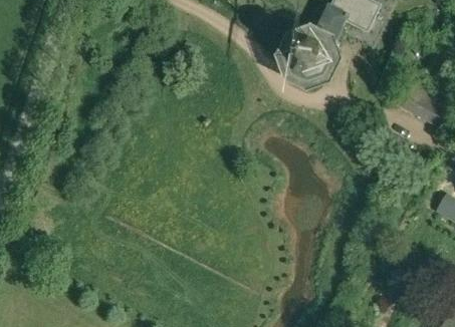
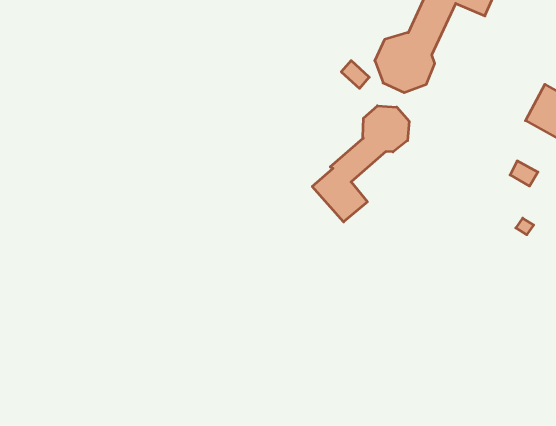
building: none -> [312,106,409,222]

